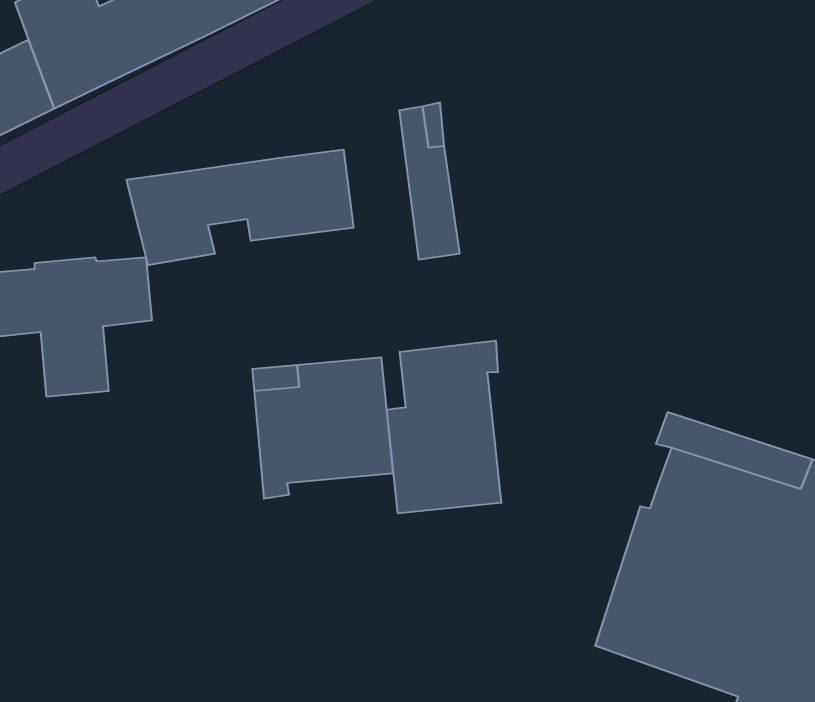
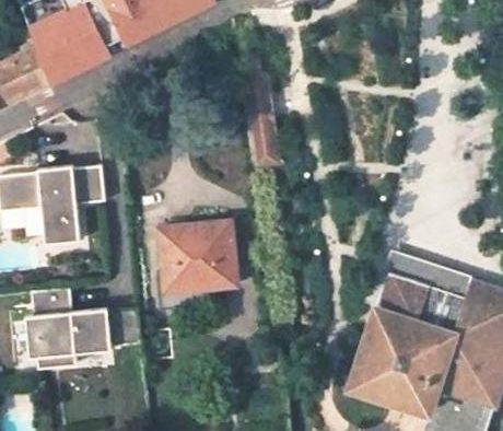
building: [127,150,353,265] -> none
building: [387,341,501,513] -> none
building: none -> [26,288,141,368]

